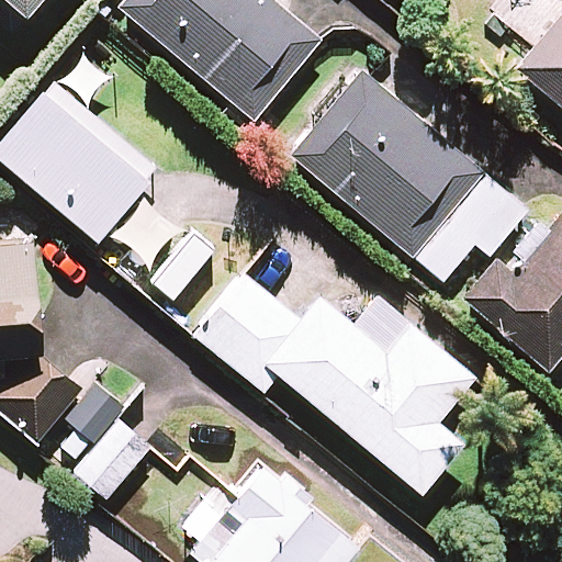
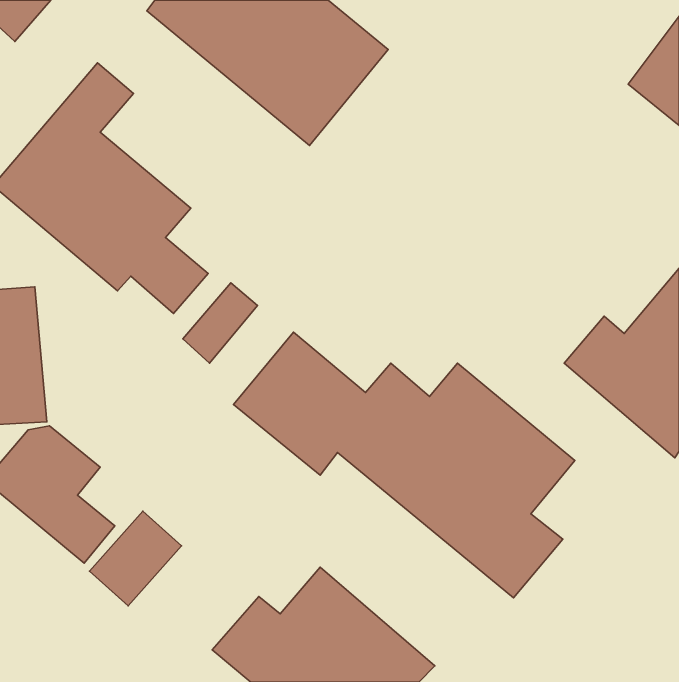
building: [292,74,526,281] -> none

